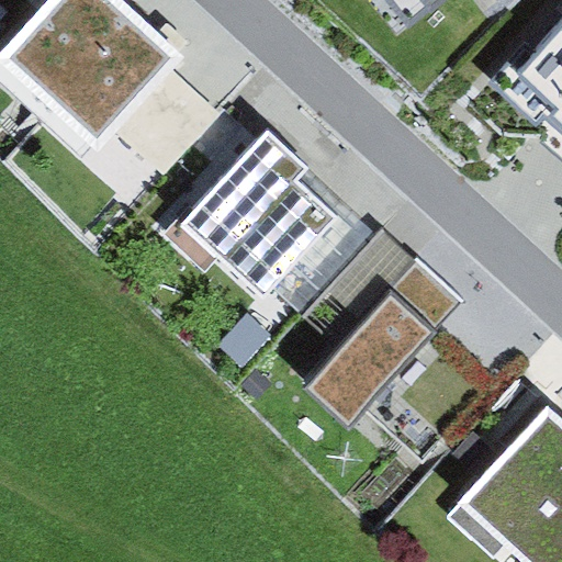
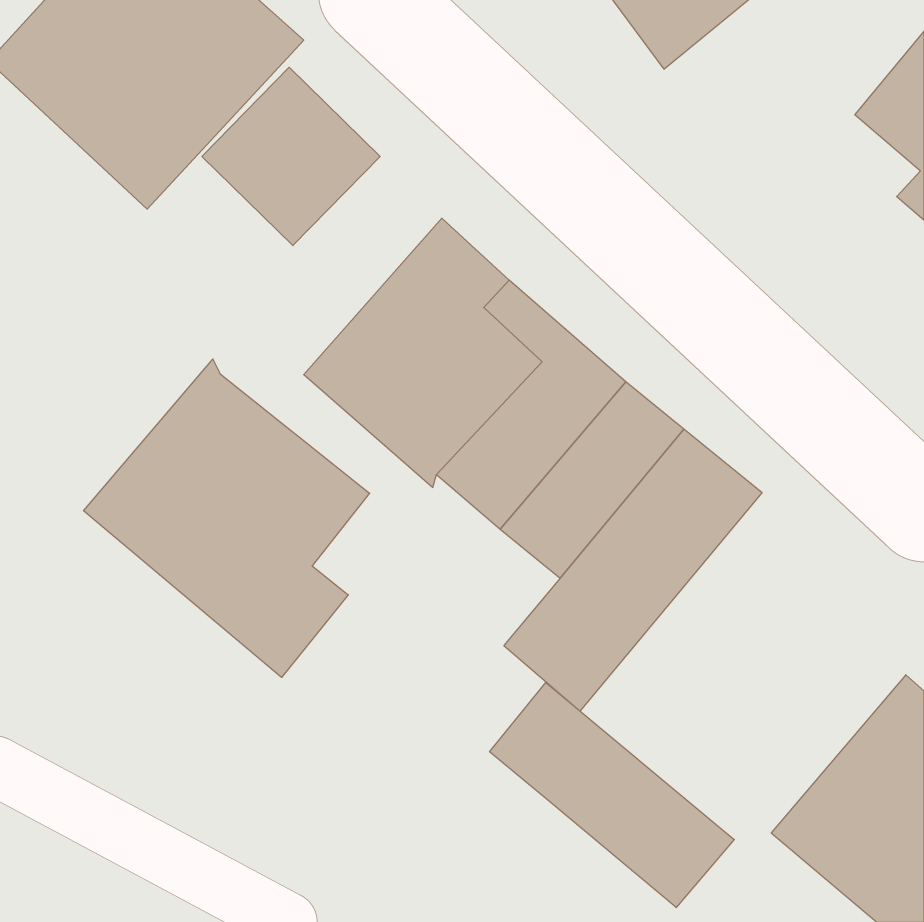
building: none -> [84,359,370,677]
building: none -> [490,682,734,908]

